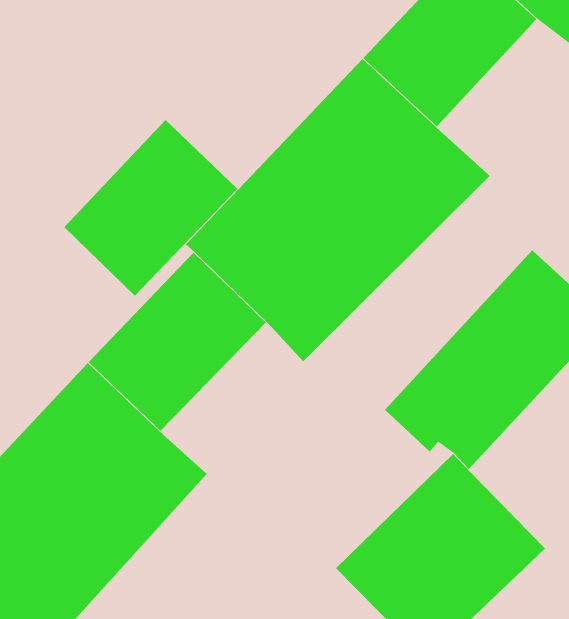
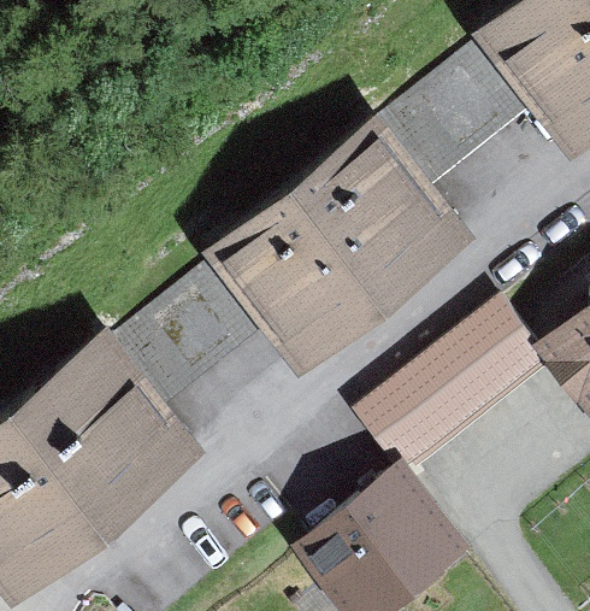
building: [64,119,238,297] -> none

